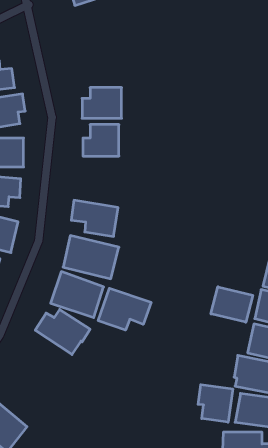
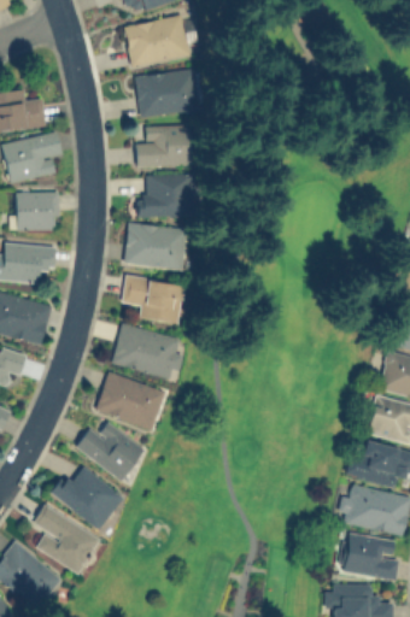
building: none -> [123,16,191,67]
building: none -> [136,70,200,117]
building: none -> [124,223,187,271]
building: [211,287,253,322] -> none
building: [98,288,151,330] -> none
building: none -> [48,468,123,530]
building: none -> [31,504,101,575]
building: [198,385,233,422] -> none

